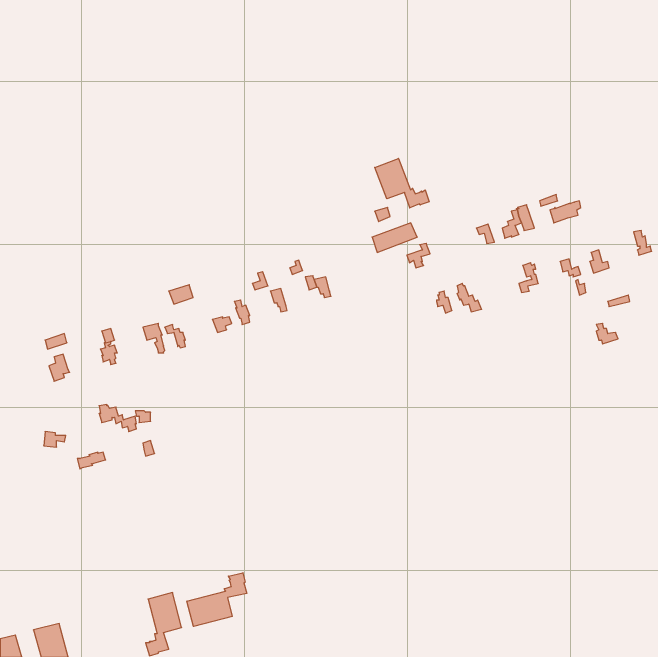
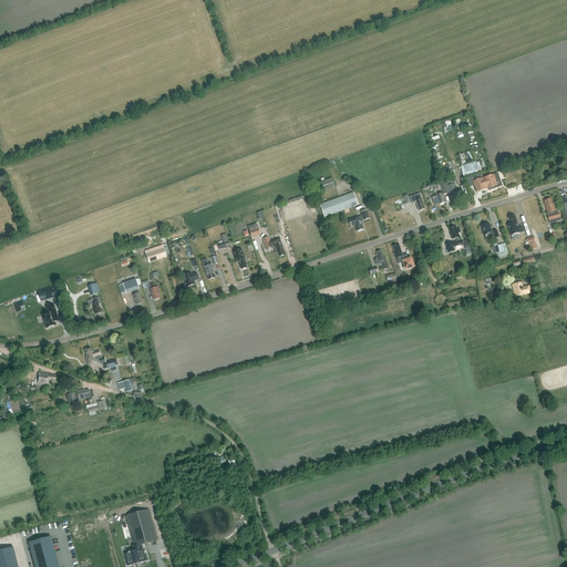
building: [375,158,429,208] -> none
building: [187,573,247,626] -> none

